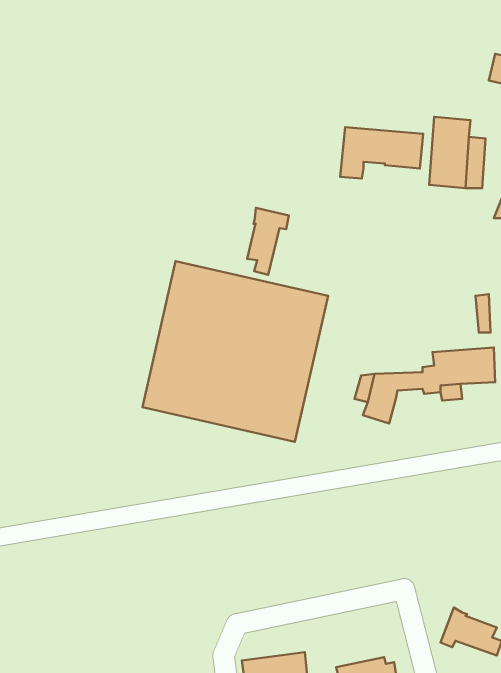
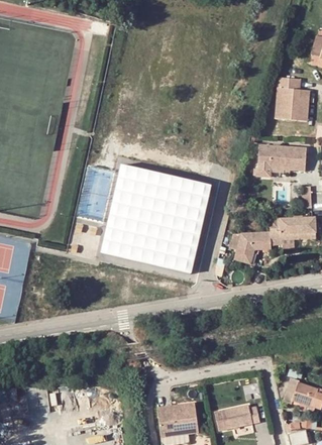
building: [340,127,423,179] -> [255,144,306,176]
building: [247,208,289,275] -> none

